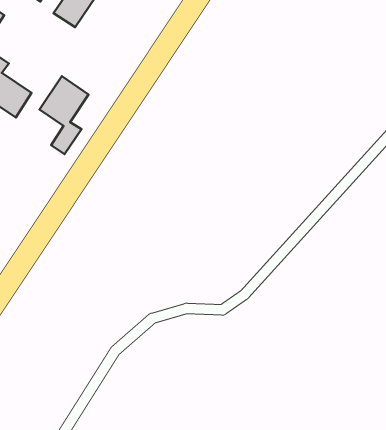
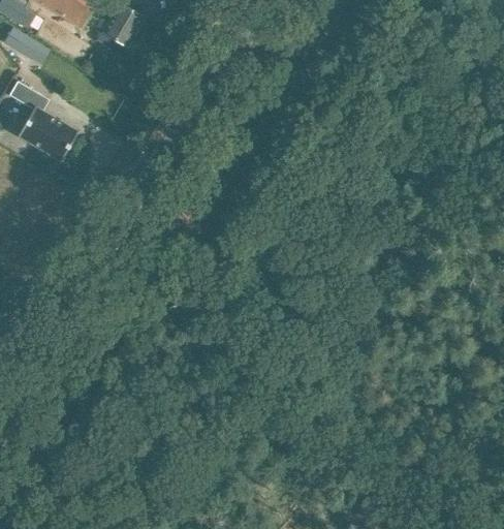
building: [40,76,89,154] -> none

